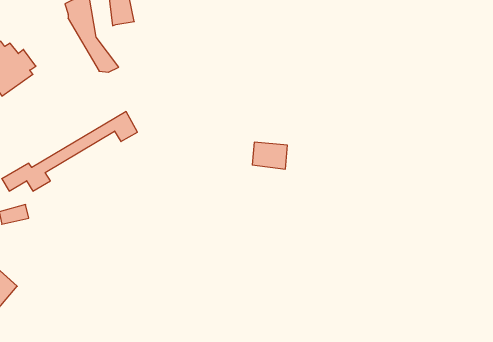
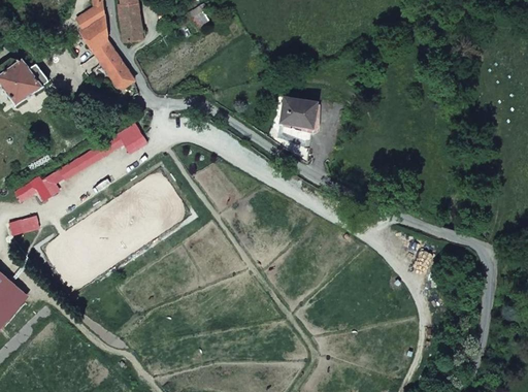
building: [252,142,287,169] -> [280,101,316,128]

